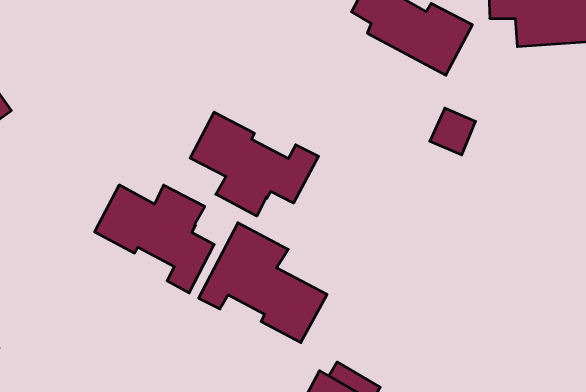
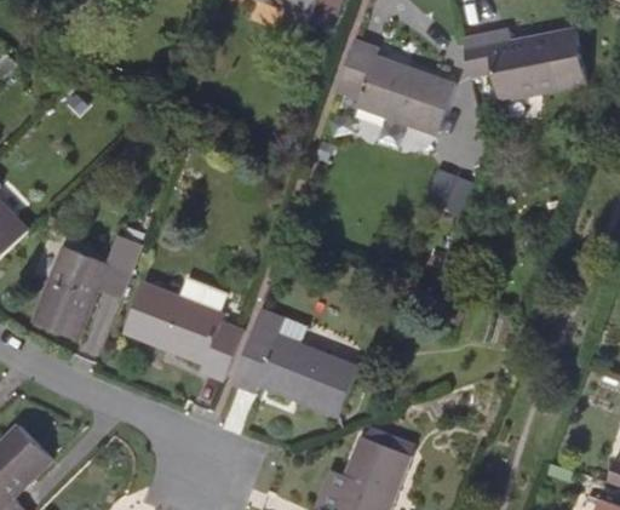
building: [190,112,319,216] -> none
building: none -> [35,237,138,339]

